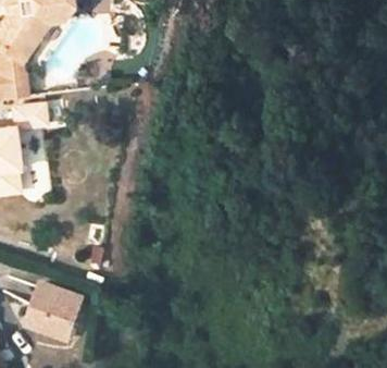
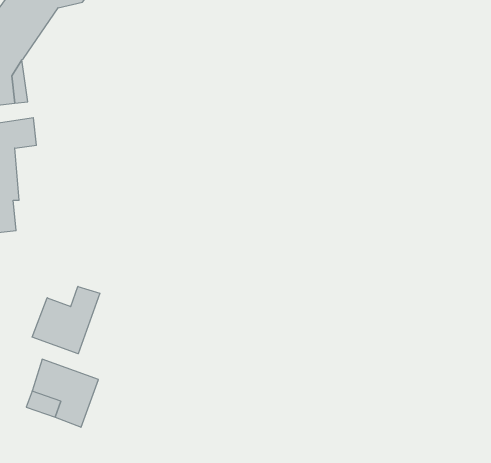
building: none -> [32,286,100,354]

